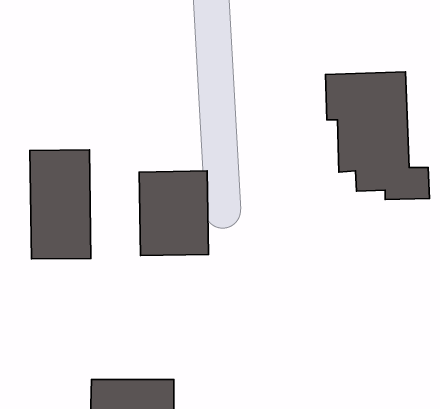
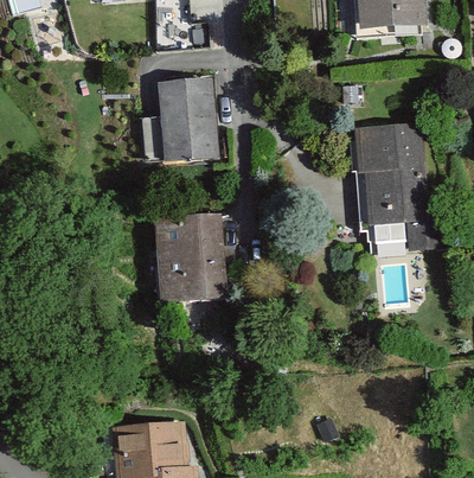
building: none -> [155,78,220,165]
building: [30,150,91,259] -> none

